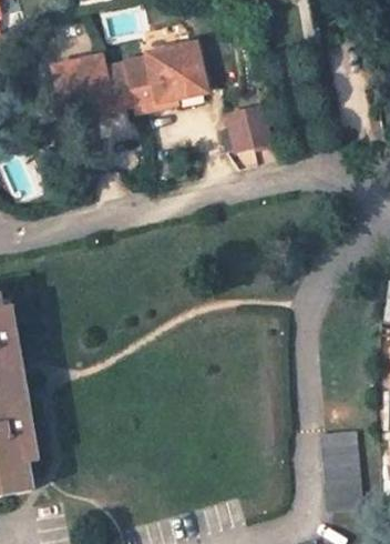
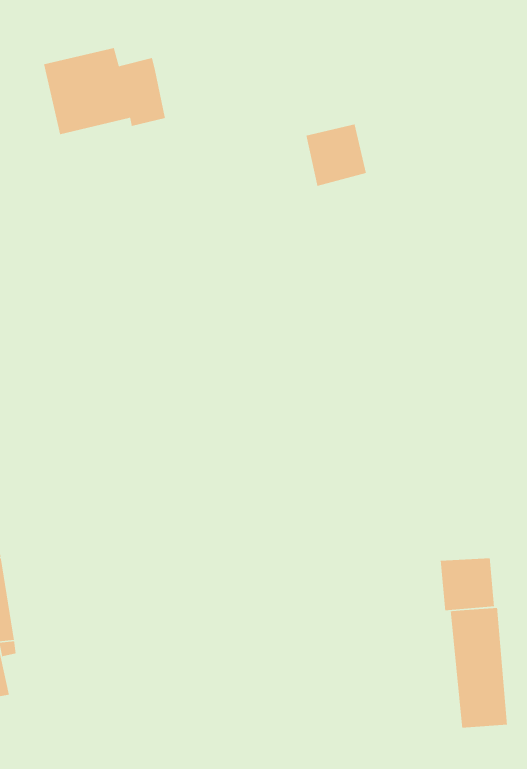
building: [129,42,206,111] -> none
building: none -> [440,557,495,611]

